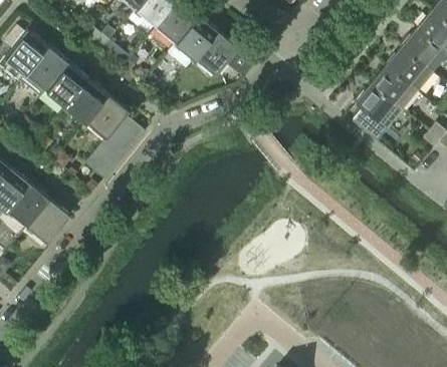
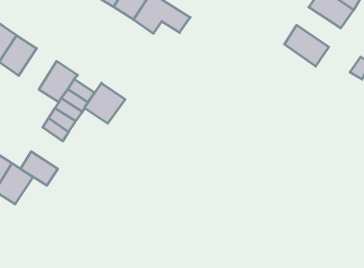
building: [370,65,417,110] -> none
building: [65,79,107,123] -> none
building: none -> [84,83,125,123]
building: none -> [20,152,58,185]

